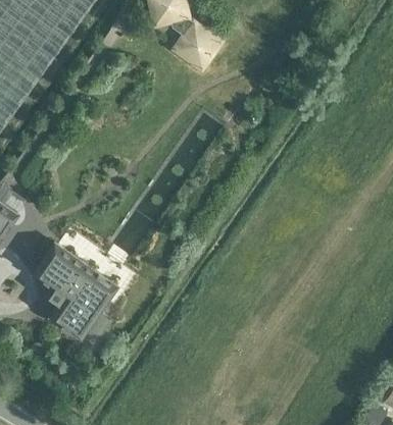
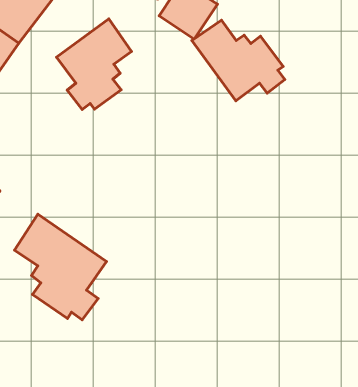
building: none -> [56,19,132,109]
building: none -> [192,20,285,101]

